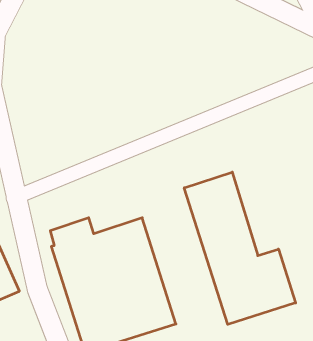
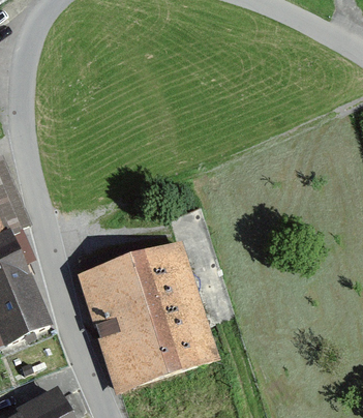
building: [184,172,296,324] -> none

